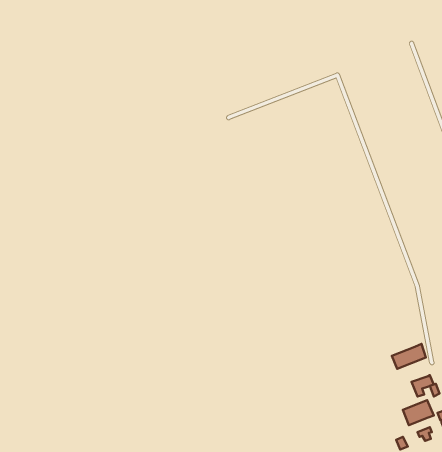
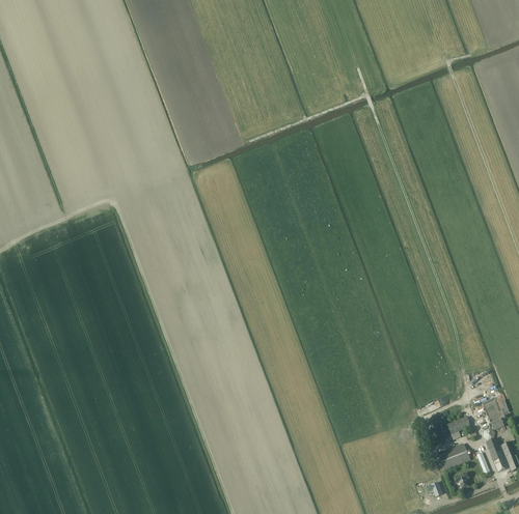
building: [392,344,426,369] -> none

